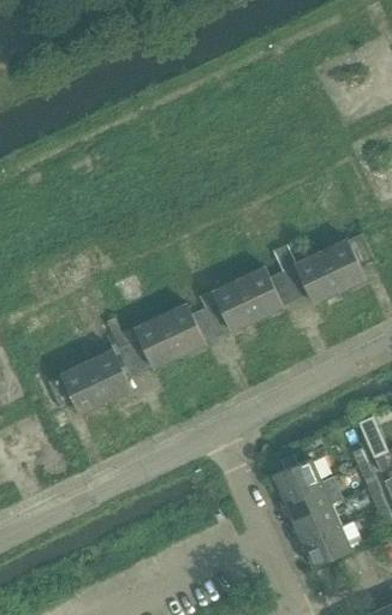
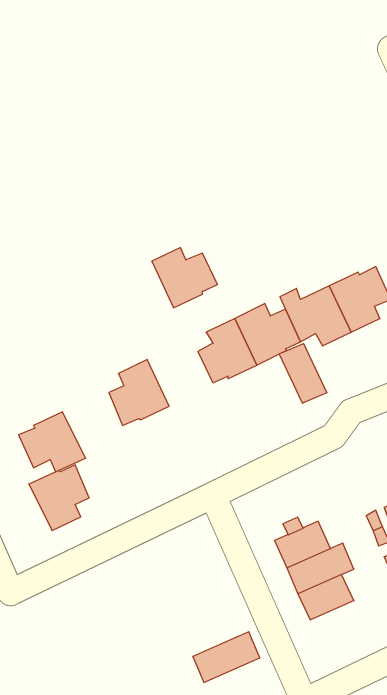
building: none -> [279,344,327,403]
building: [160,304,218,357] -> [152,248,217,308]
building: [85,345,138,402] -> [29,465,89,531]
building: [303,523,362,567] -> [193,632,260,682]

